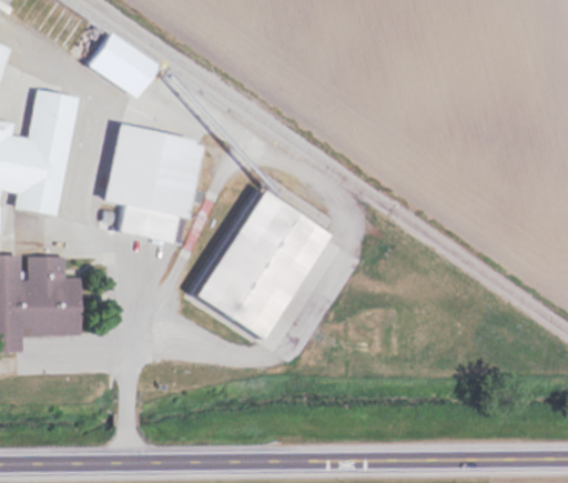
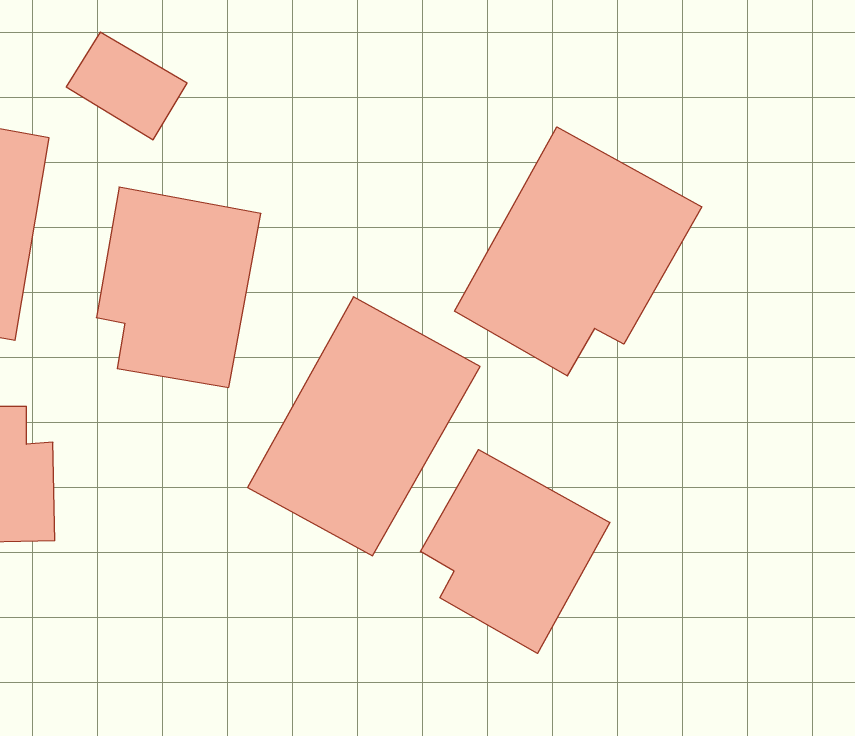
building: none -> [455,127,702,376]
building: none -> [420,450,610,653]

